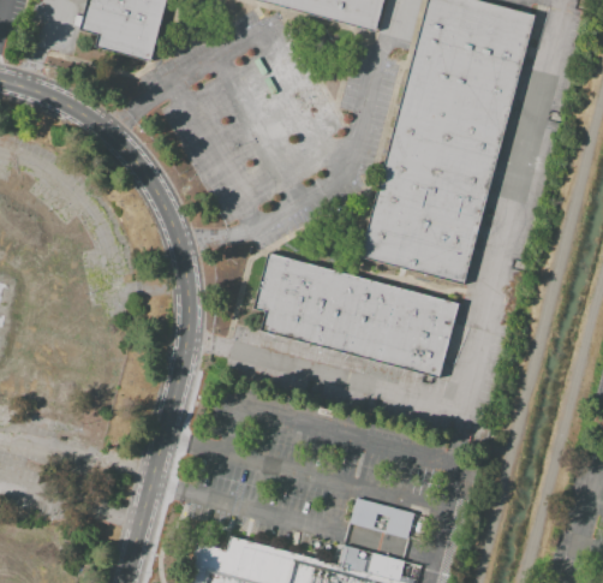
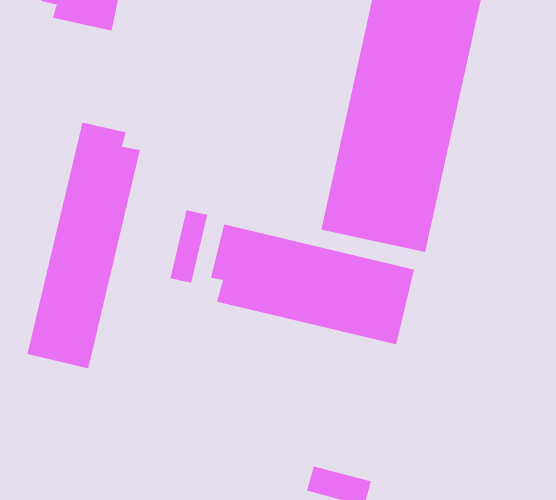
building: none -> [27,122,141,369]
building: none -> [170,210,208,283]

